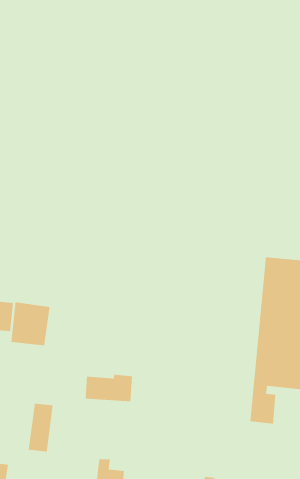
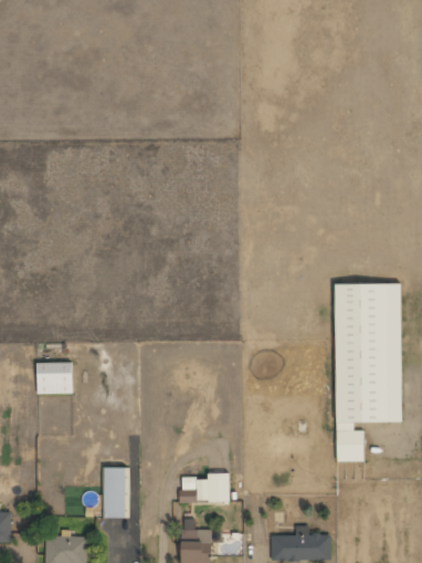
building: [11,301,50,346] -> none
building: [85,374,133,402] -> [179,473,230,503]

